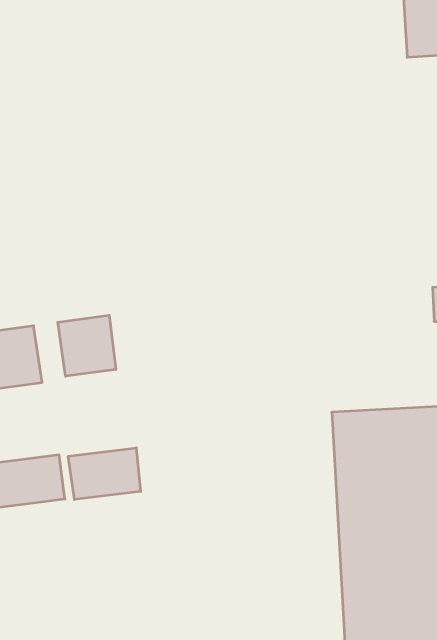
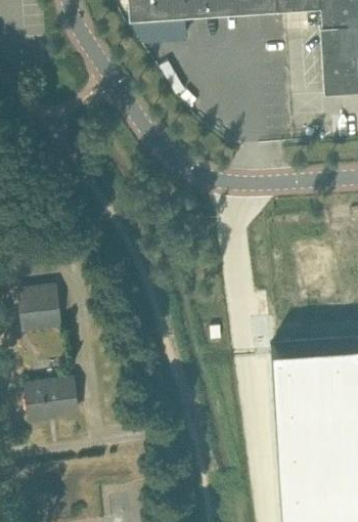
building: [58,315,116,376] -> none
building: [68,448,141,500] -> none

